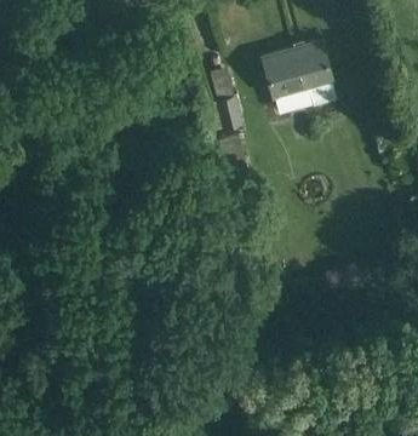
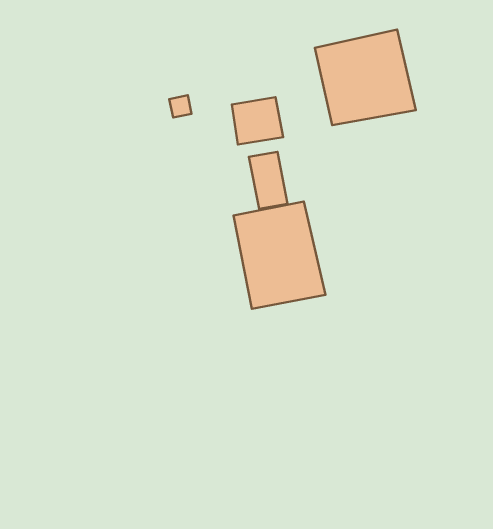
building: none -> [233,201,326,309]

